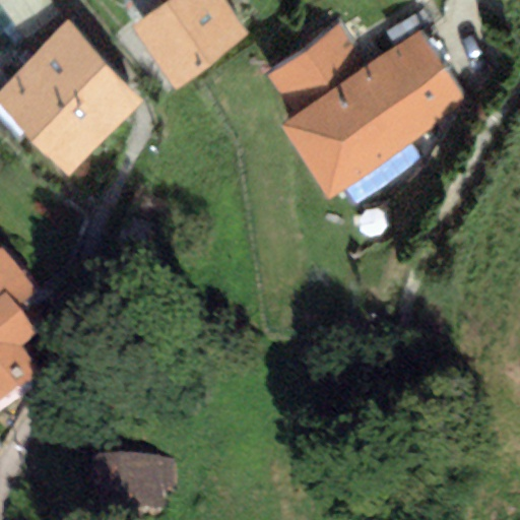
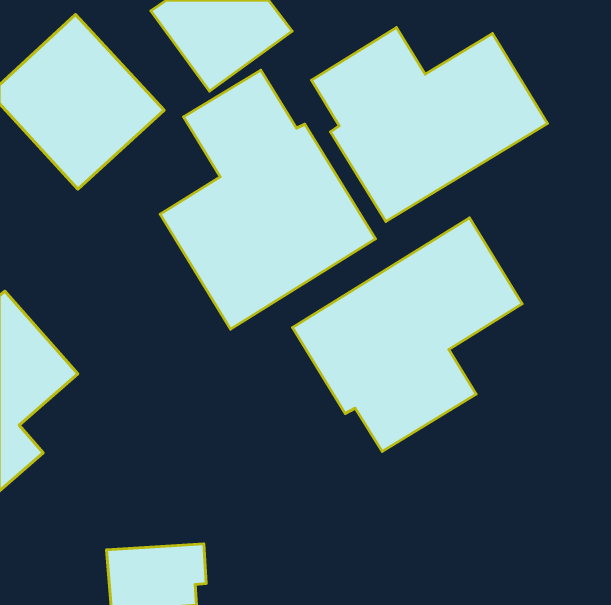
building: none -> [160,70,375,329]
building: none -> [292,218,522,451]

